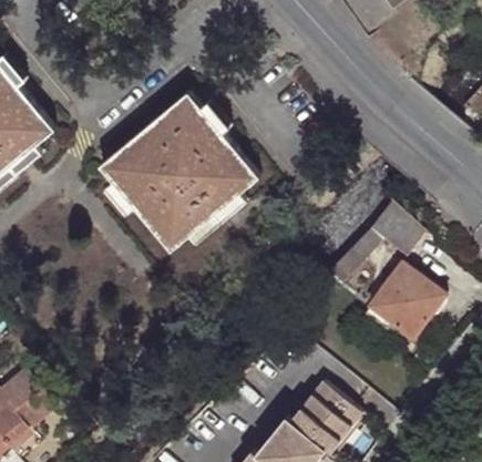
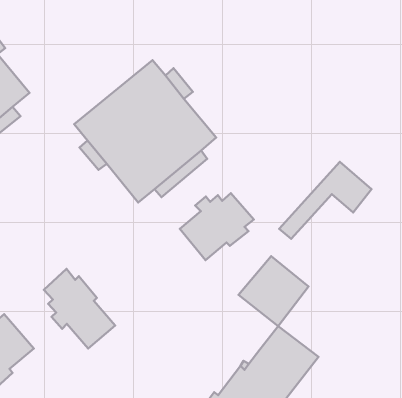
building: none -> [180,193,254,260]
building: [367,263,443,339] -> [239,256,309,326]
building: none -> [44,269,115,349]

